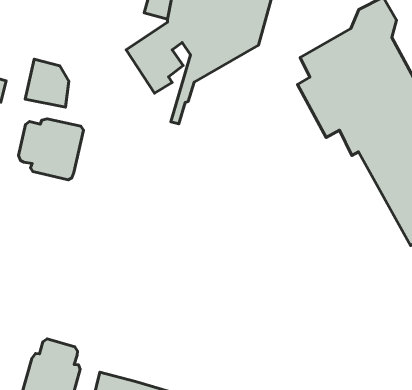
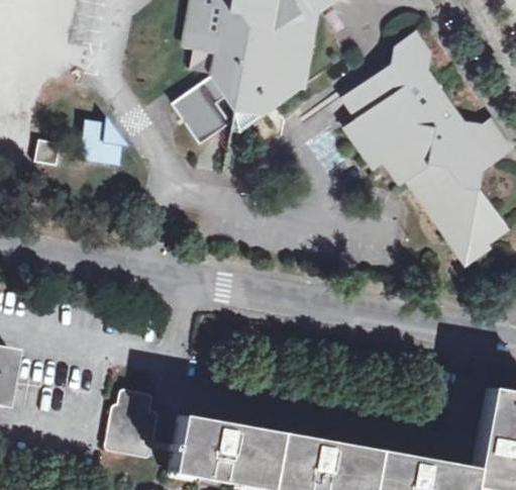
building: [18,119,83,180] -> none

